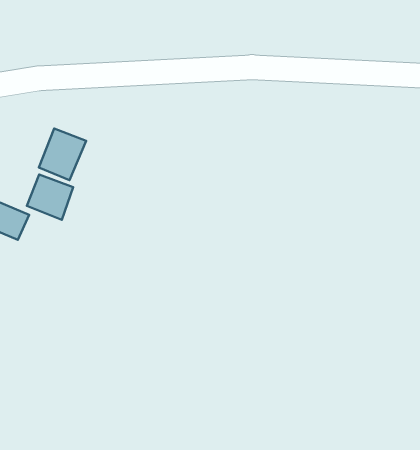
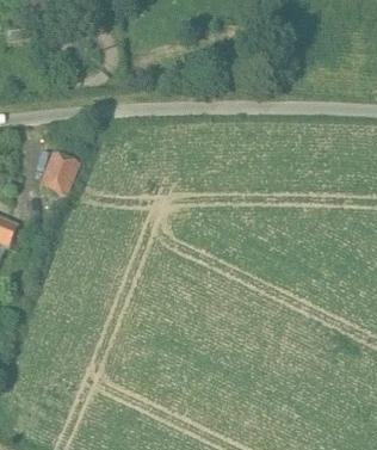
building: [27,174,73,220] -> none

